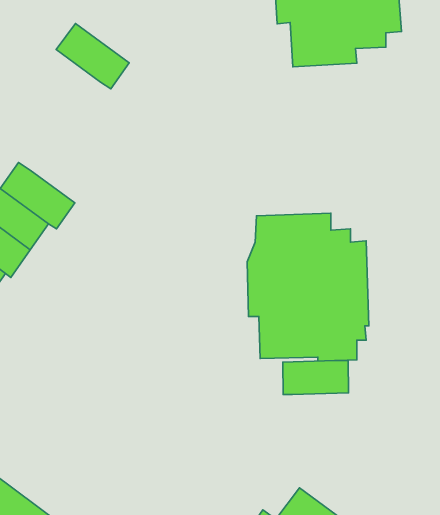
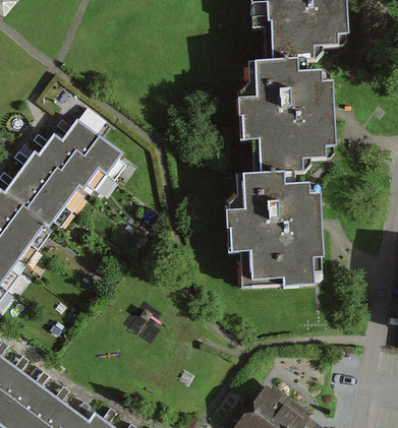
building: [56,23,129,89] -> [61,121,118,172]
building: none -> [239,60,337,175]
building: [283,360,348,395] -> none

